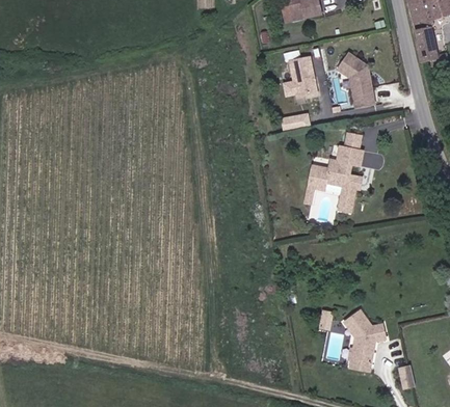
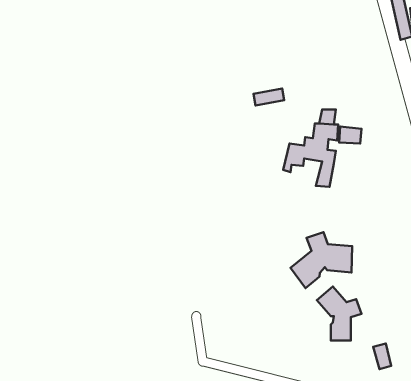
building: [333,52,375,109] -> none
building: [280,56,316,99] -> none
building: none -> [291,232,352,288]

